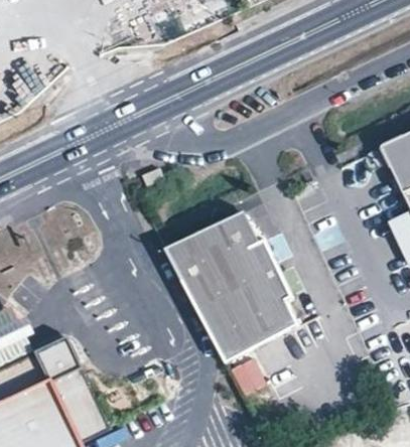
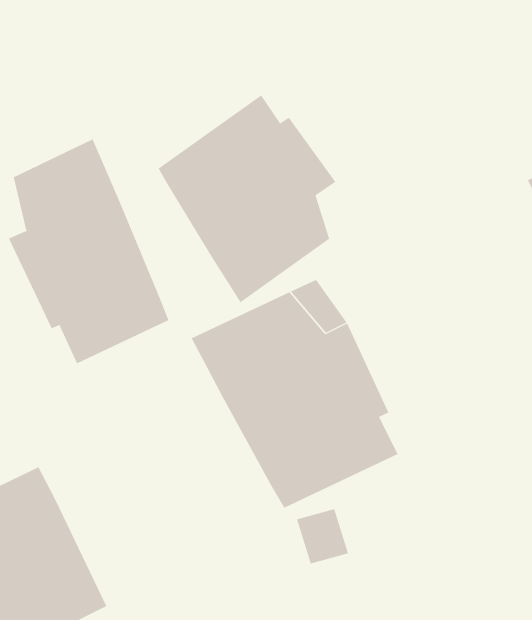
building: none -> [158,94,336,303]
building: none -> [8,139,169,364]

